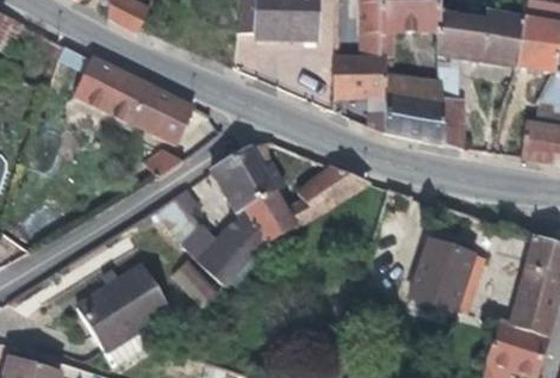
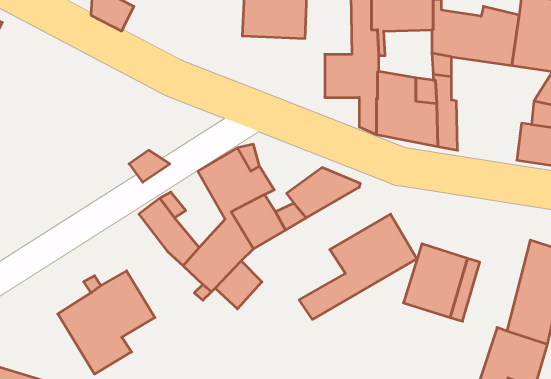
building: [74,55,194,142] -> none
building: none -> [299,214,417,319]

